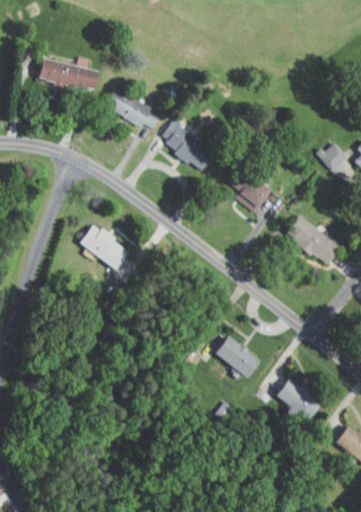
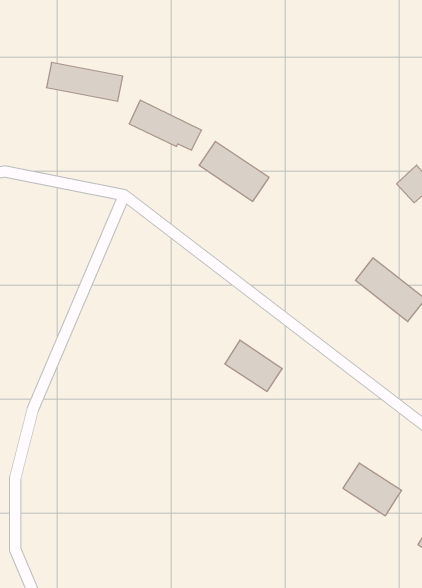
building: [228,170,271,212] -> none
building: [79,224,130,270] -> none
building: [215,336,261,377] -> [225,340,282,391]

